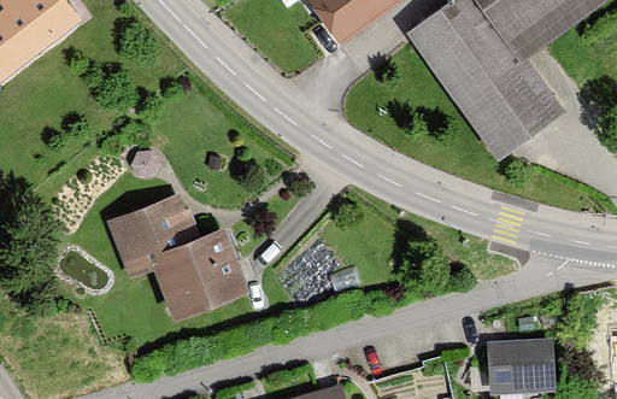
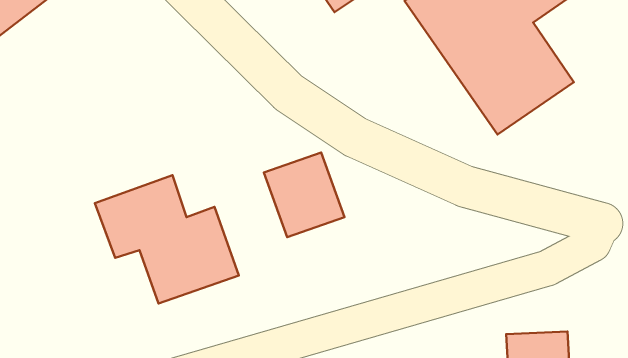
building: none -> [264,152,344,237]

